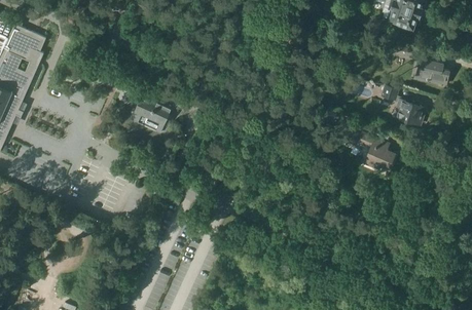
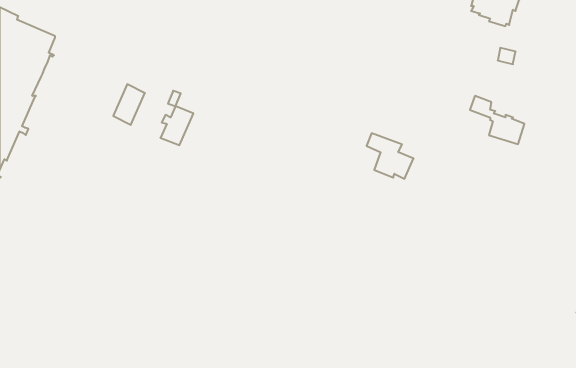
building: [415,59,449,84] -> none
building: [146,100,172,132] -> [113,84,145,125]
building: [358,132,396,169] -> [367,133,414,179]

